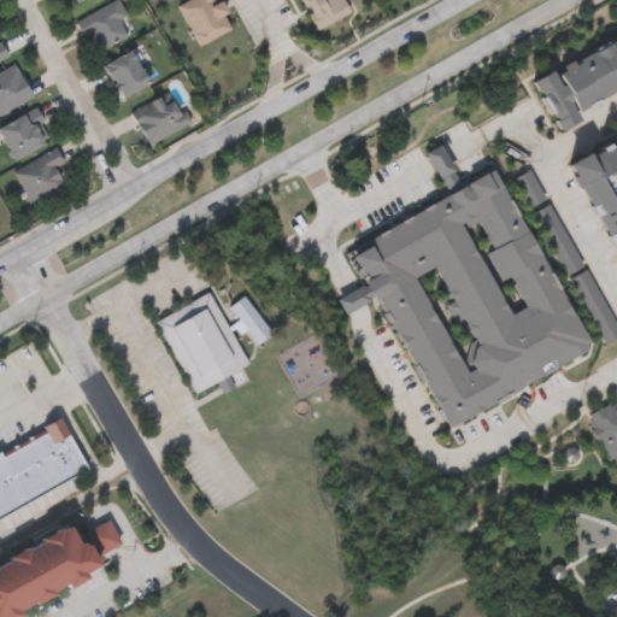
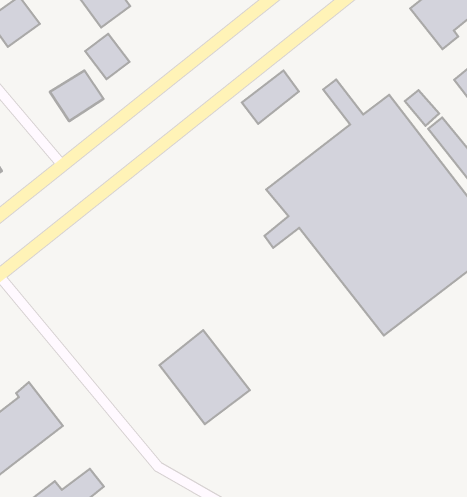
building: [106,49,152,98] -> [85,34,130,79]
building: none -> [242,70,299,124]
building: [158,292,251,393] -> [160,330,250,424]
building: [231,296,274,345] -> none

